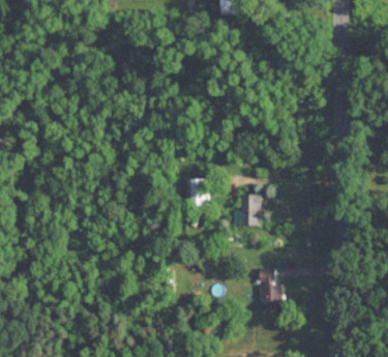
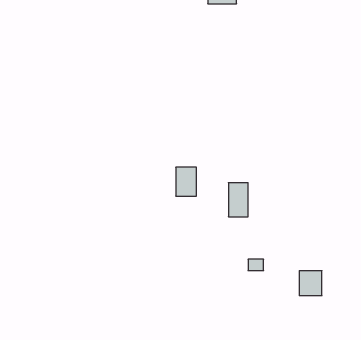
building: [259,284,281,308] -> [299,271,322,296]

